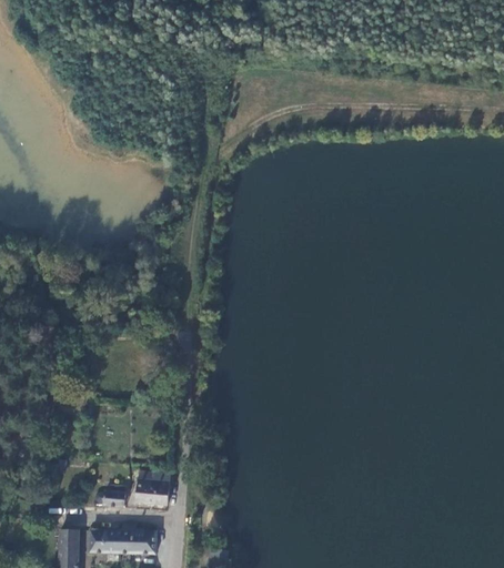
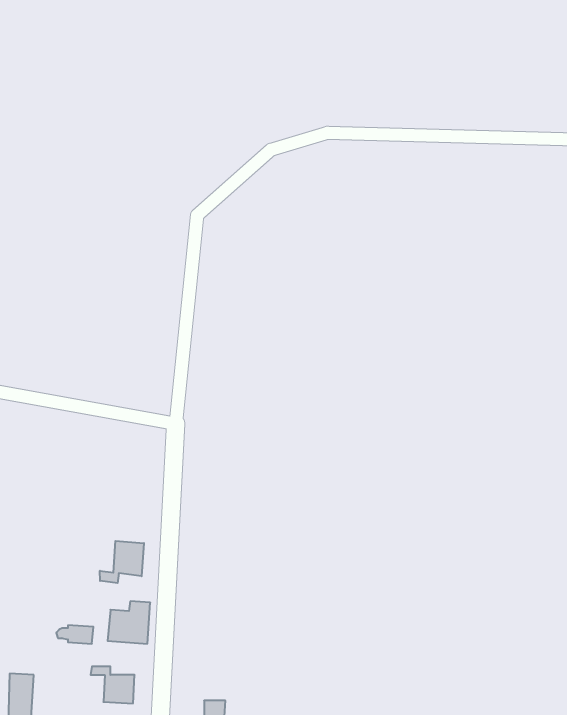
building: none -> [100,541,144,583]
building: [91,532,133,555] -> none

